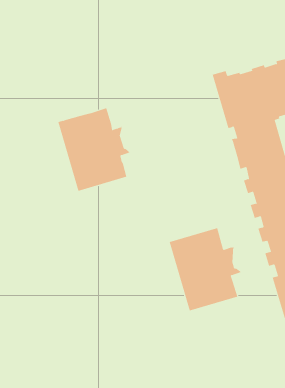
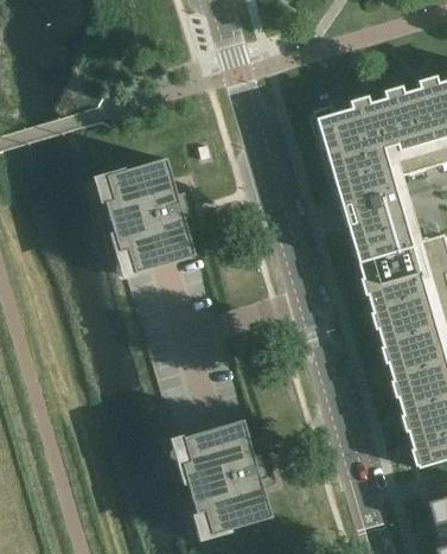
building: [169,227,242,311] -> [174,419,276,536]

